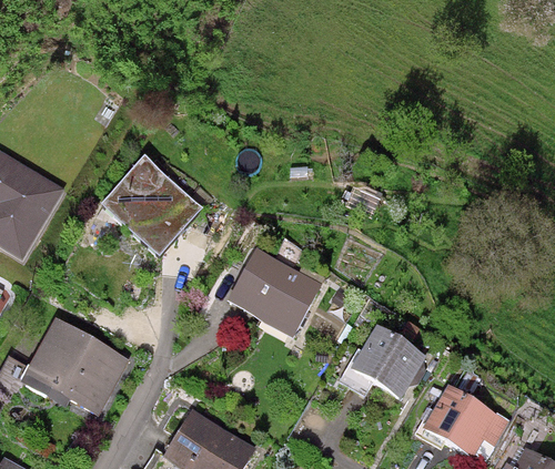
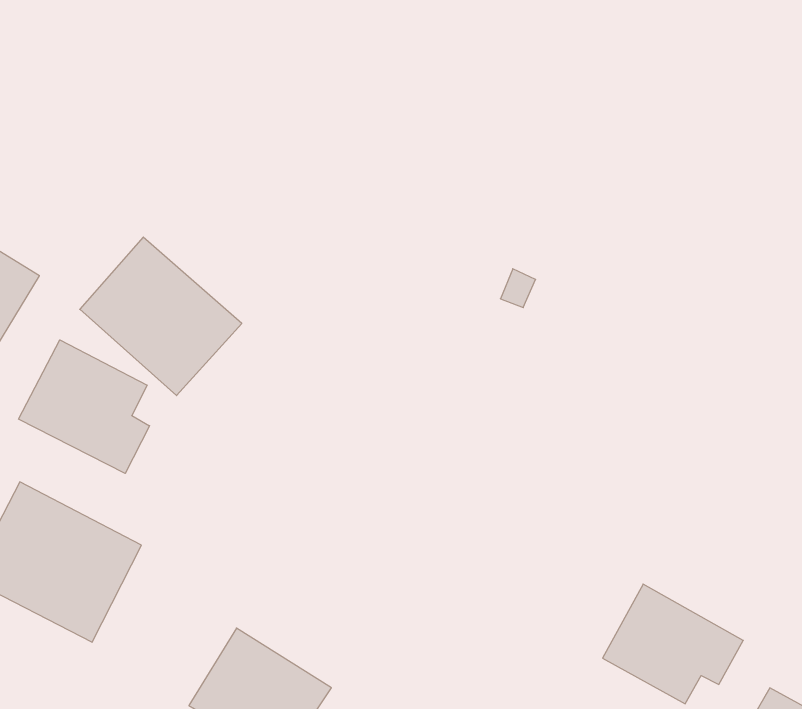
building: none -> [19,340,150,473]
building: [225,246,323,338] -> none
building: [335,325,424,398] -> none

